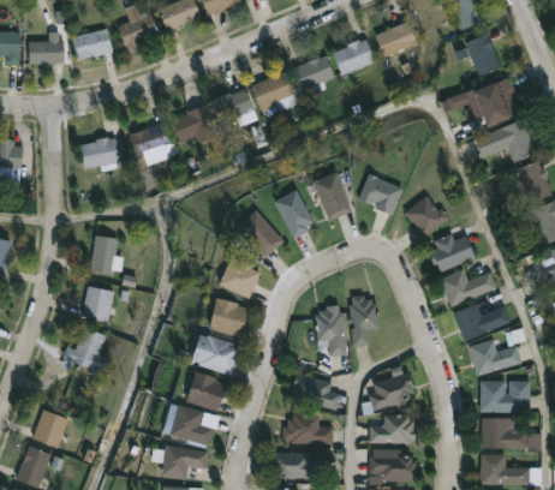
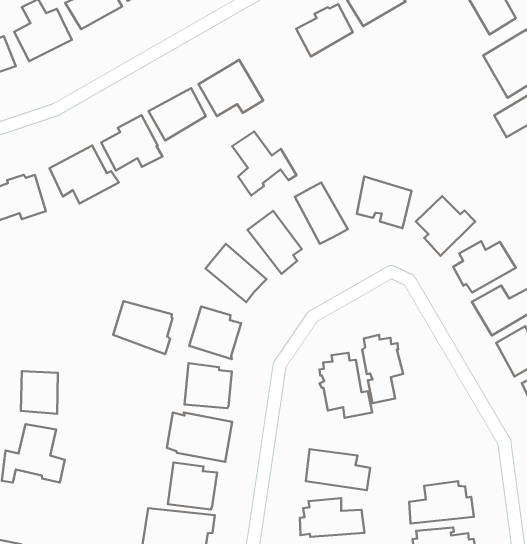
building: [292,55,334,95] -> none
building: none -> [232,131,297,195]
building: [91,235,118,275] -> none
building: none -> [113,301,172,354]
building: [369,371,416,411] -> none

